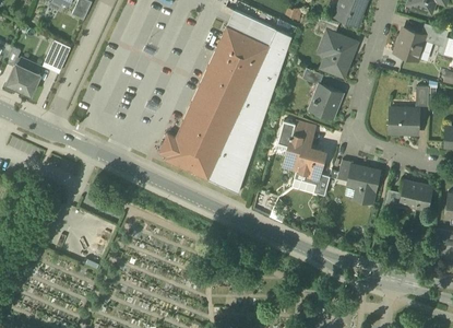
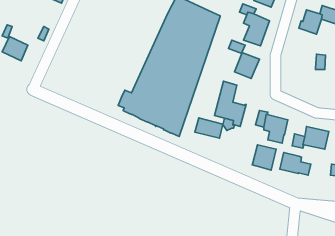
building: [389,108,419,133] -> none
building: none -> [195,118,223,138]
building: none -> [252,145,276,170]
building: none -> [280,153,311,175]

